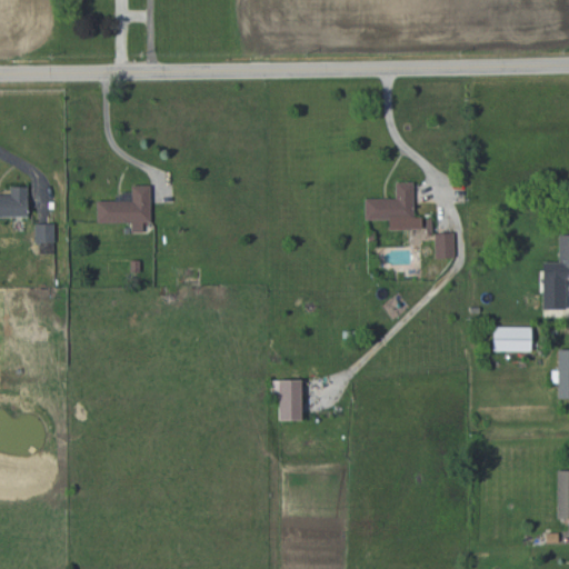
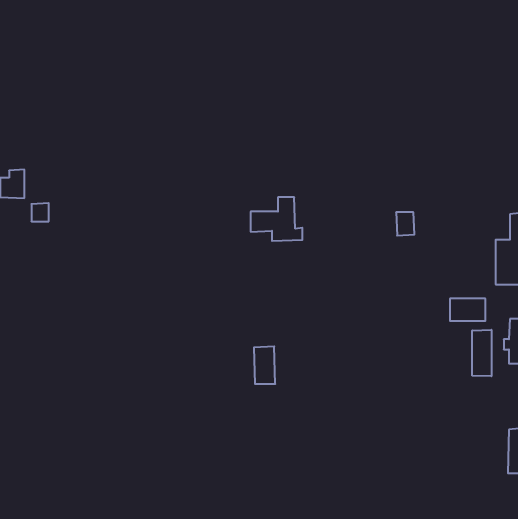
building: [366,182,422,230] -> [251,197,302,241]
building: [97,186,151,232] -> none
building: none -> [472,330,491,376]

